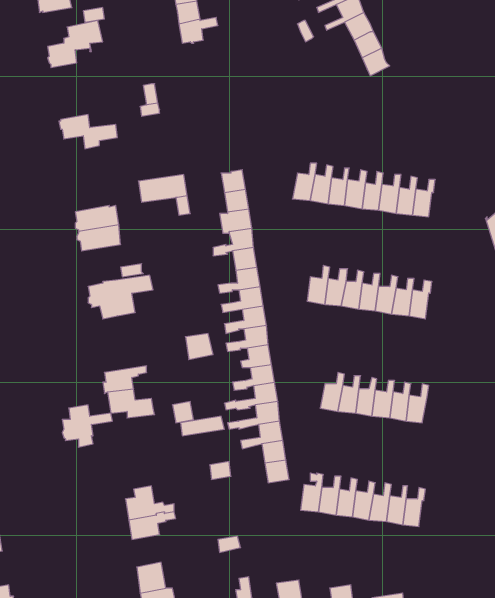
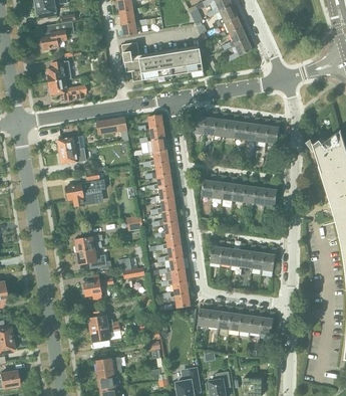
building: none -> [121,41,203,81]
building: none -> [46,60,71,82]
building: [62,405,112,447] -> [82,273,113,300]

